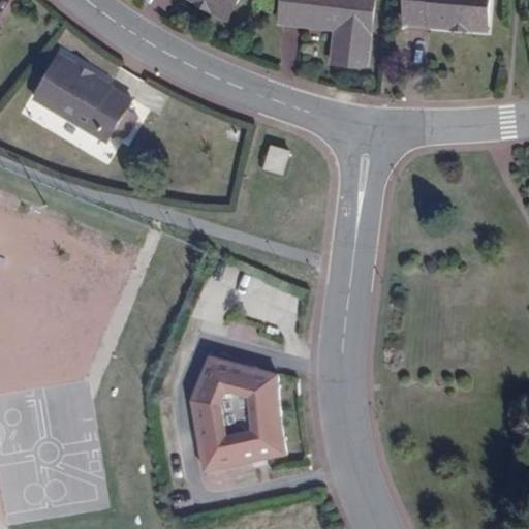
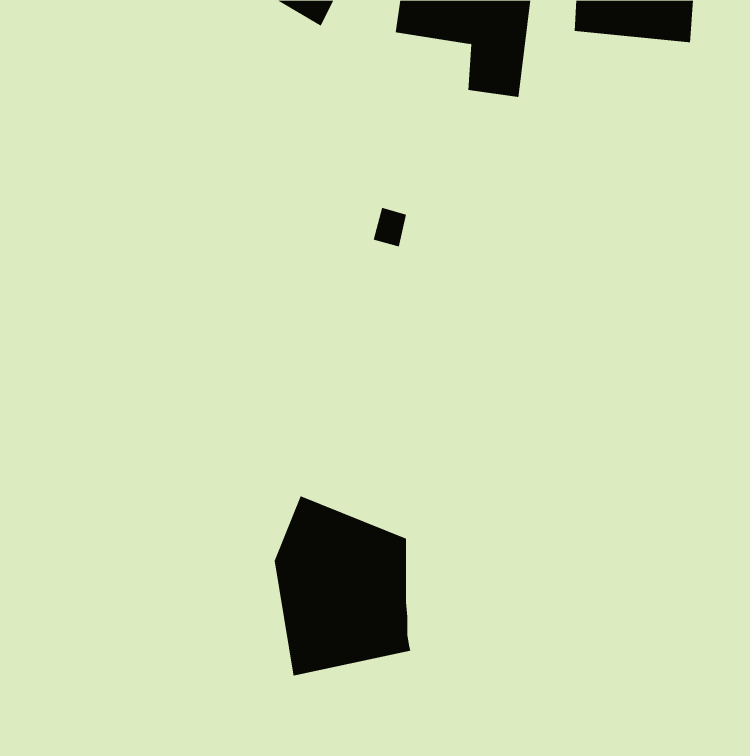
building: [32,56,134,141] -> none

